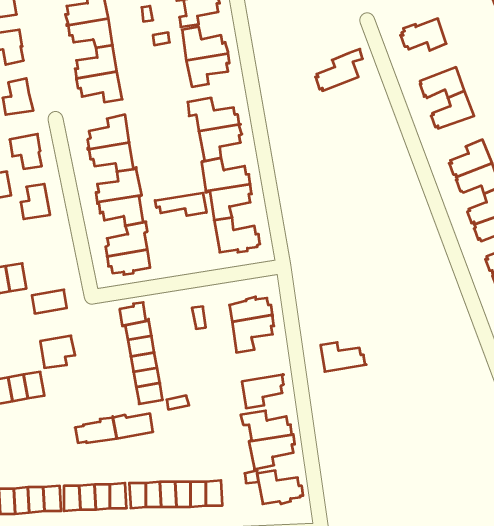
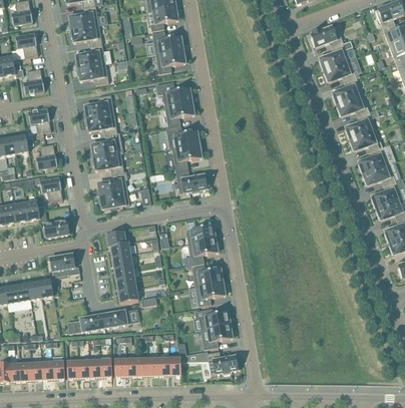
building: [315,49,363,91] -> [318,39,352,69]
building: none -> [336,94,368,116]
building: [155,193,206,216] -> none
building: none -> [39,176,62,201]
building: [321,342,366,372] -> [191,265,225,286]

